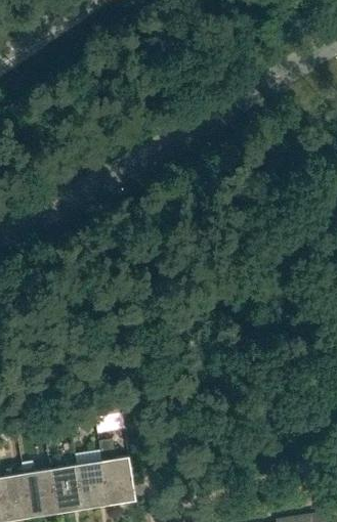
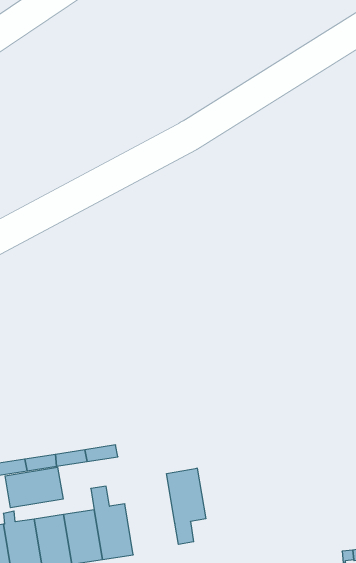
building: none -> [5,467,63,508]
building: none -> [167,468,206,544]

